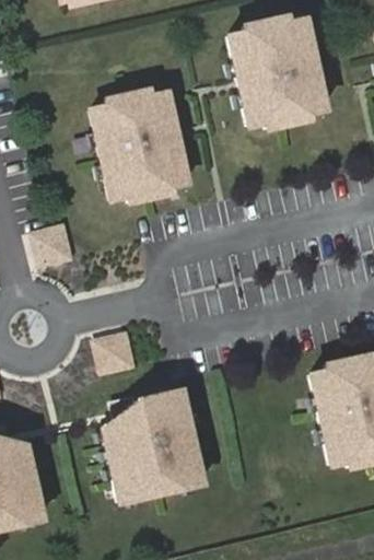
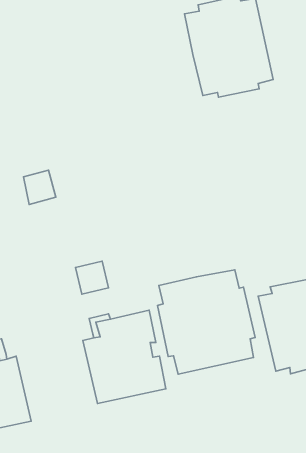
building: [87,89,192,209] -> none
building: none -> [157,270,255,374]

